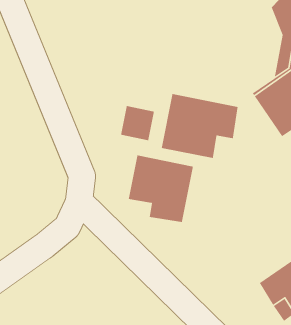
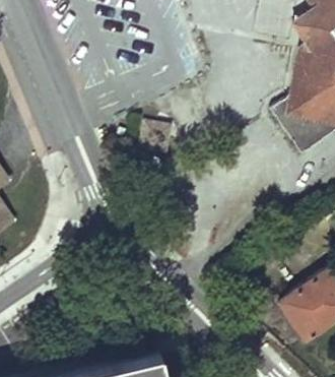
building: [161,93,238,159] -> none
building: [128,155,194,223] -> none

